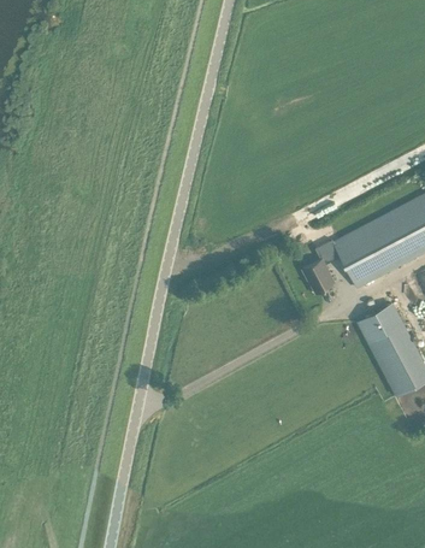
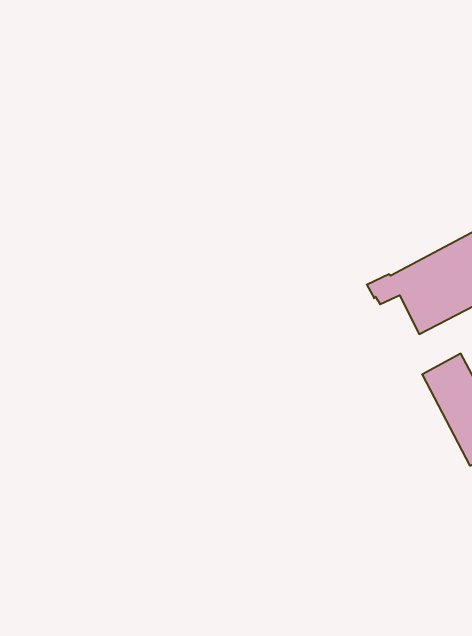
building: [301,259,333,294] -> none

